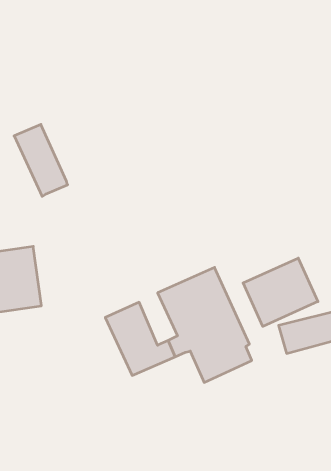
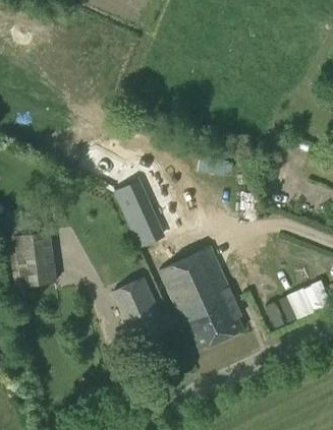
building: [14,124,68,196] -> [114,182,161,245]
building: [243,258,318,326] -> none

